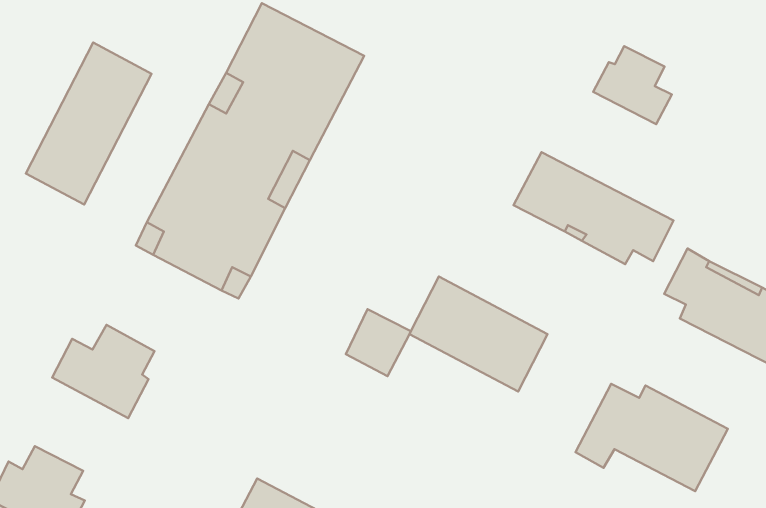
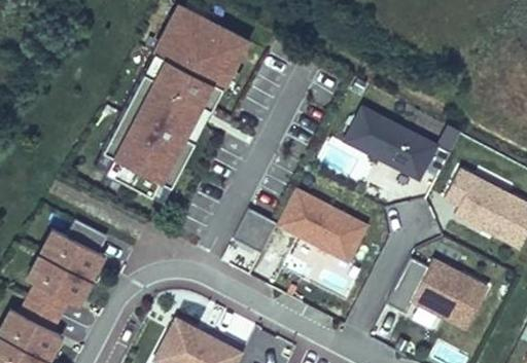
building: [26,43,152,205] -> none
building: [593,46,672,124] -> none
building: none -> [27,254,90,316]

